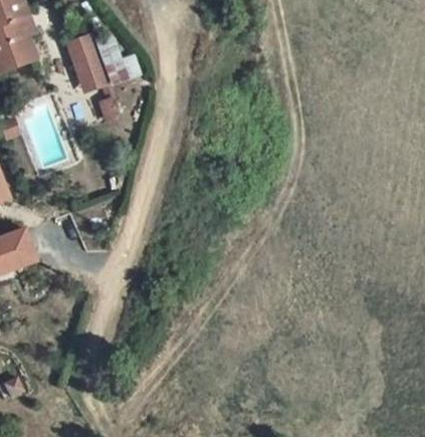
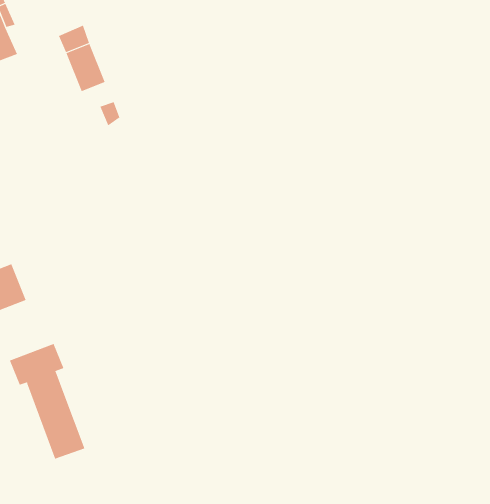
building: none -> [9,343,85,460]

